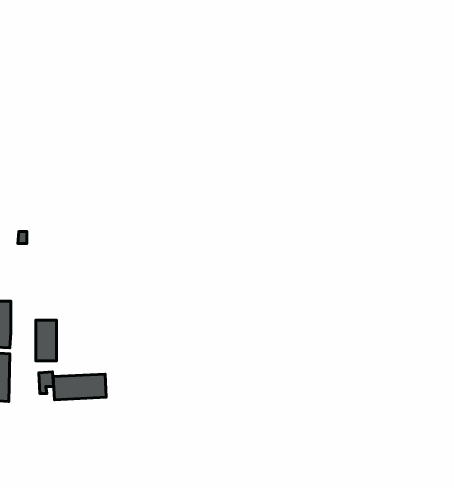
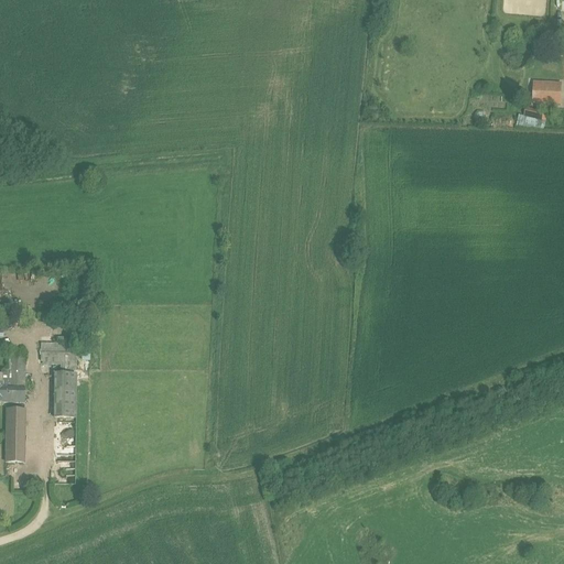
building: none -> [41,341,77,368]
building: [53,374,106,400] -> none

